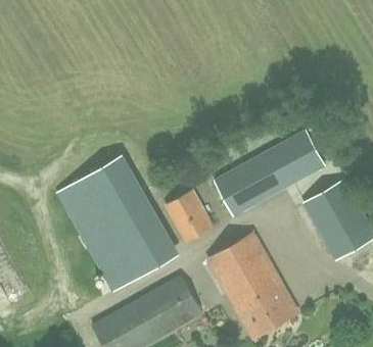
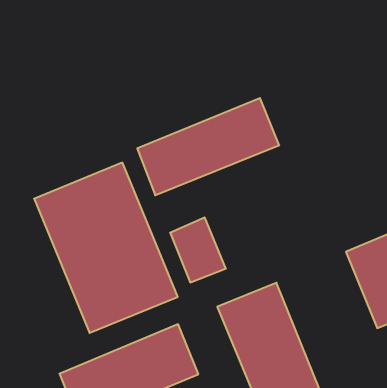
building: [215,130,325,215] -> [137,98,279,195]

